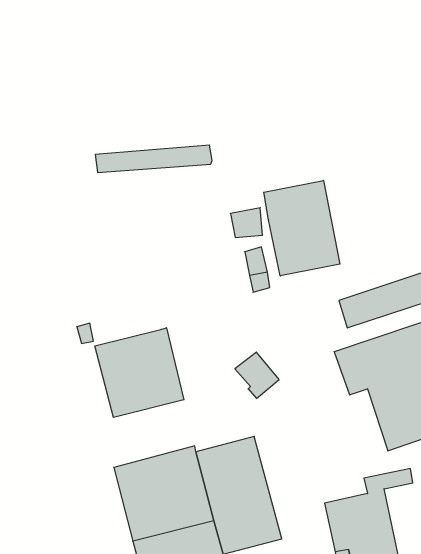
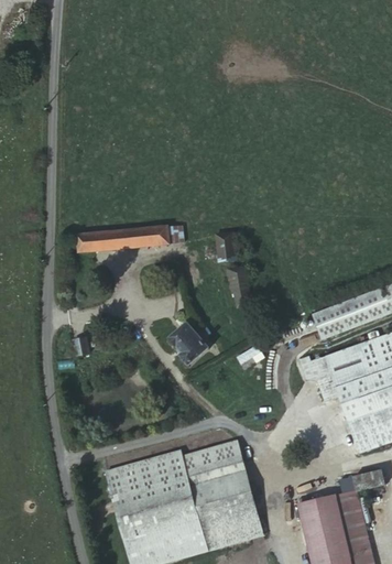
building: [95,145,212,173] -> [75,224,183,249]
building: [264,180,340,276] -> none
building: [95,328,184,417] -> none
building: [235,352,279,398] -> [166,321,207,364]

